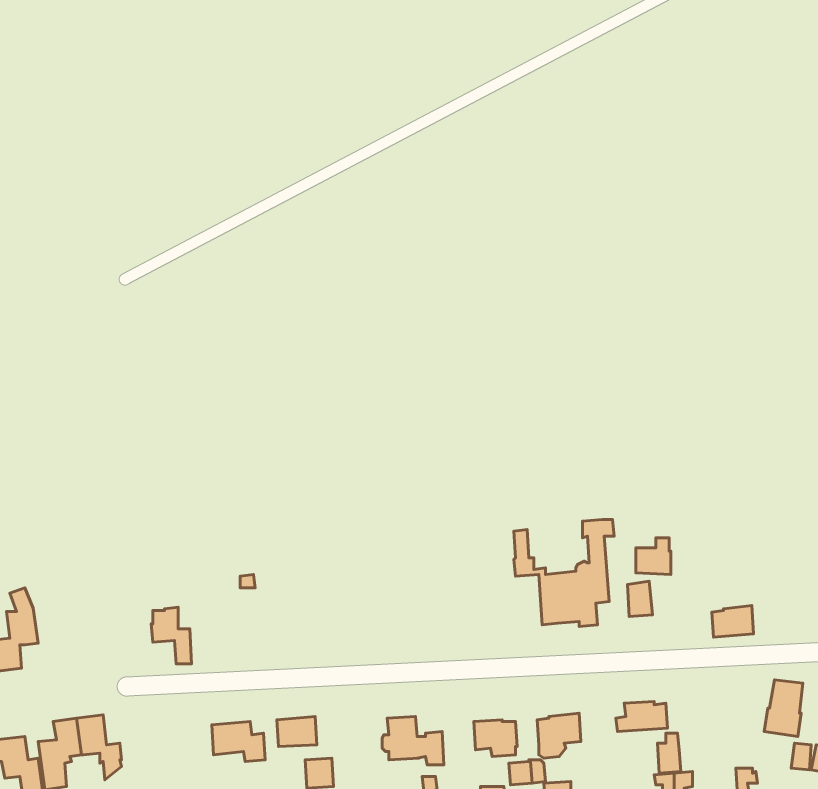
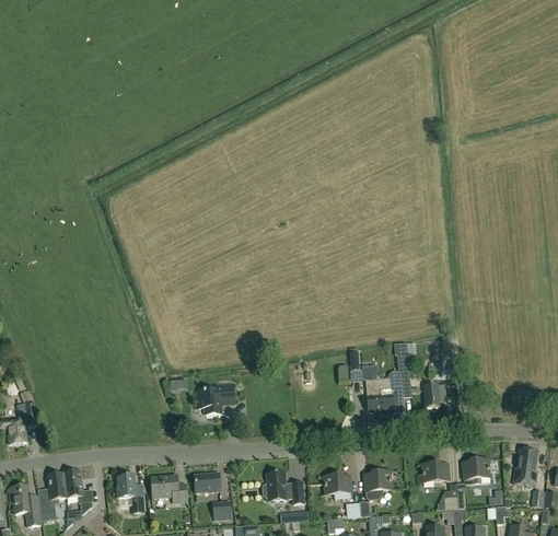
building: none -> [197,383,234,413]
building: [712,605,754,637] -> [463,458,490,479]
building: [151,607,191,664] -> [117,475,143,512]

